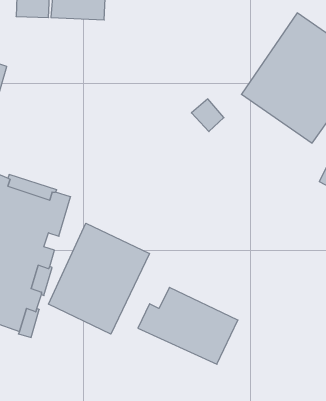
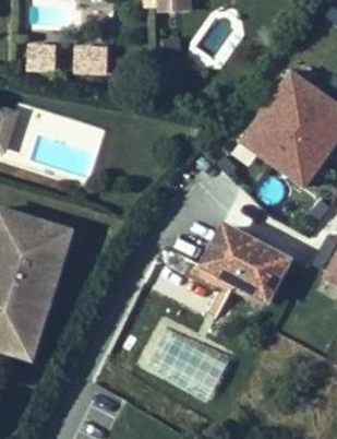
building: none -> [197,225,290,308]
building: [49,223,149,334] -> none

